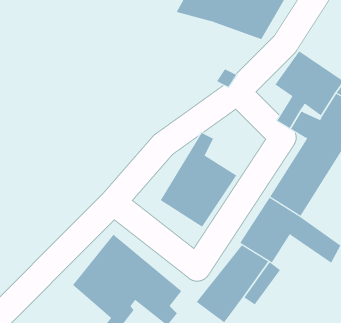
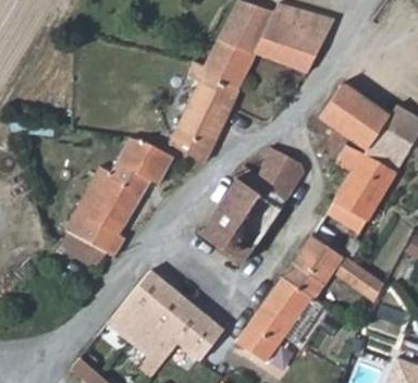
building: none -> [168,42,253,160]
building: none -> [71,137,171,249]
building: none -> [246,145,304,210]

